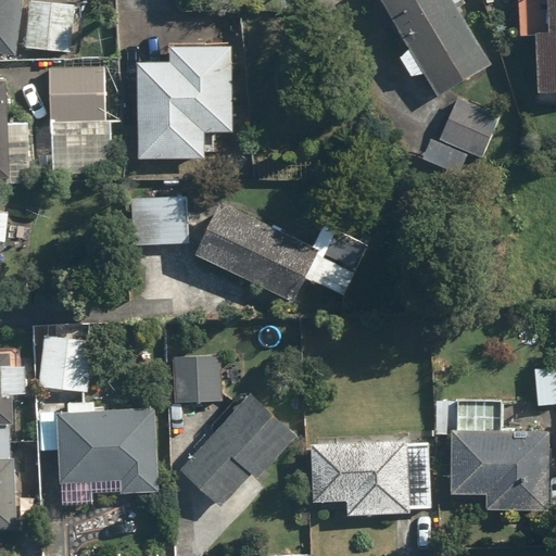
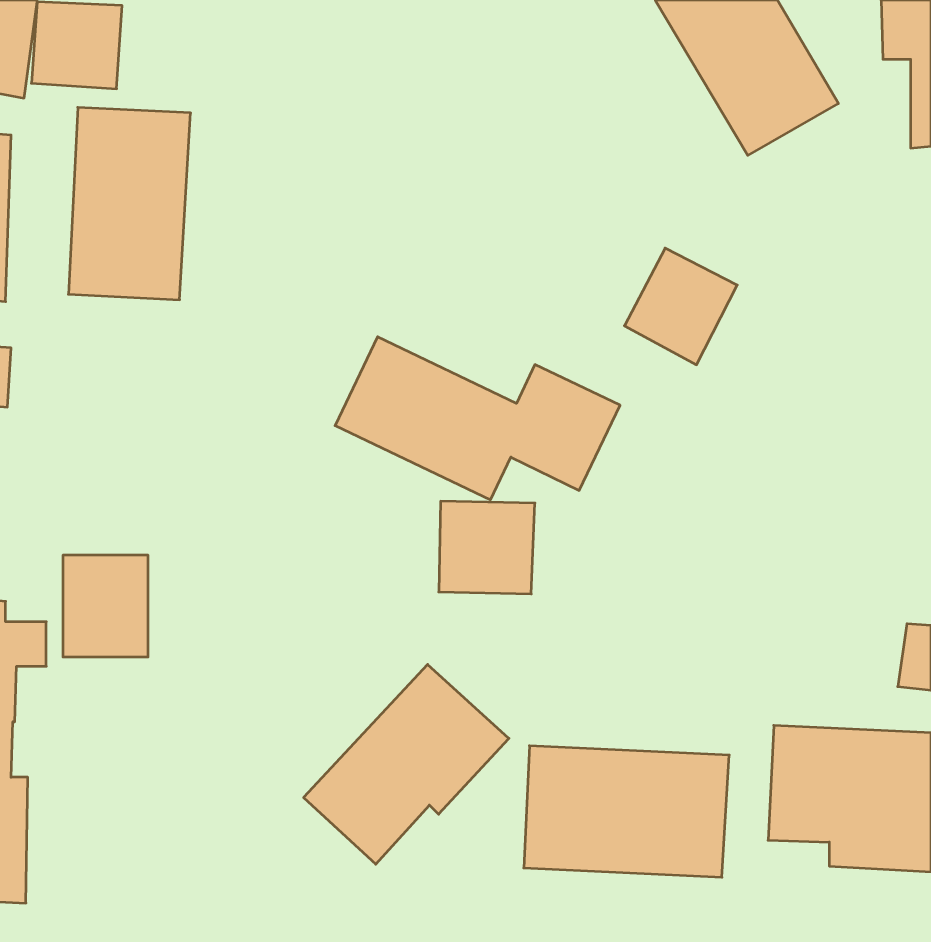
building: [138,39,237,159] -> none
building: [433,97,500,165] -> [624,248,737,365]
building: [122,197,189,245] -> none
building: [167,353,224,407] -> [439,501,535,594]
building: [34,401,160,492] -> none

